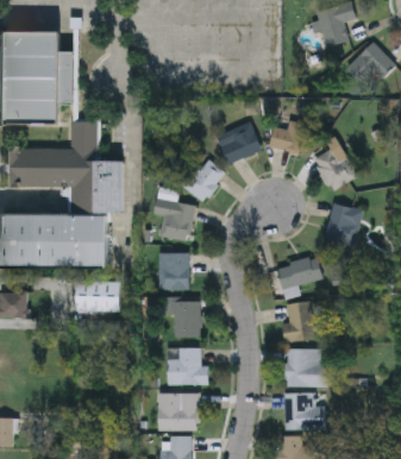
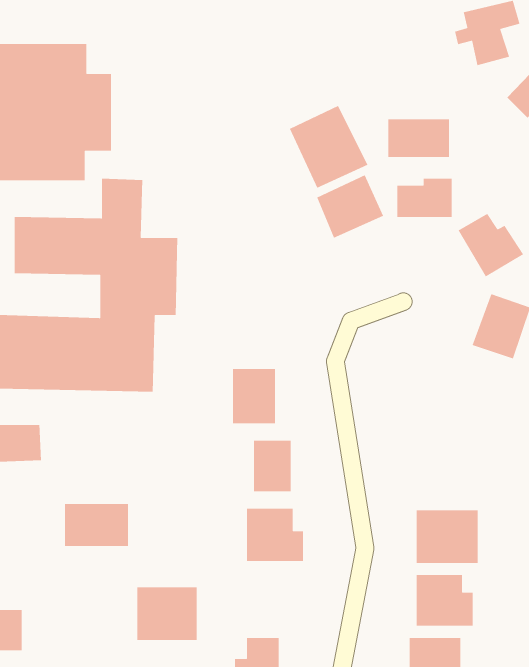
building: none -> [289,105,369,189]
building: none -> [387,119,450,158]
building: [180,158,225,201] -> none
building: [150,197,195,241] -> none
building: [276,256,321,296] -> none
building: [76,281,120,310] -> [64,503,129,547]
building: [282,301,313,341] -> none
building: [156,391,198,428] -> [136,587,198,641]

